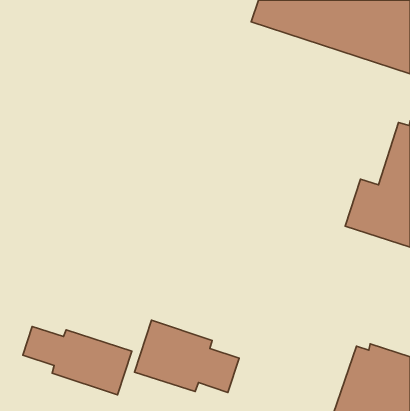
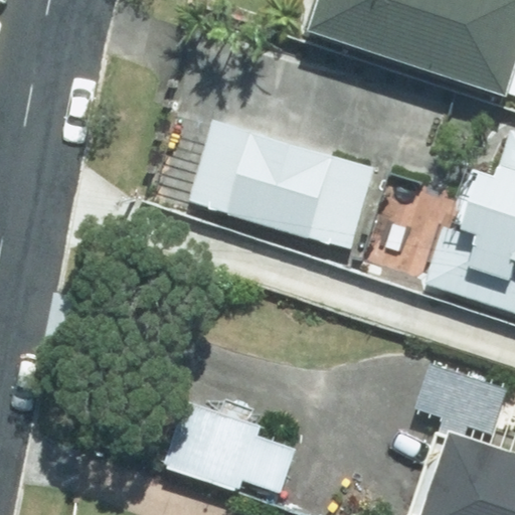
building: none -> [191,121,378,251]
building: [23,326,132,395] -> none

